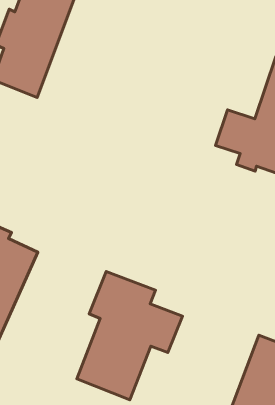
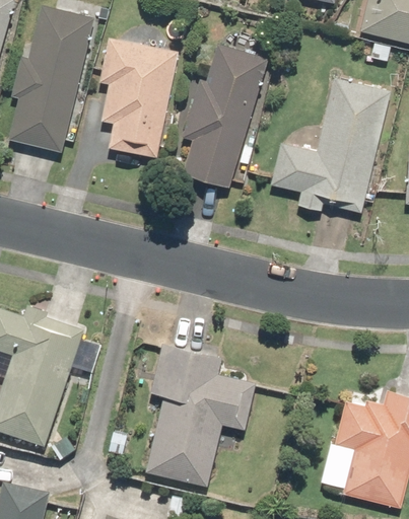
building: none -> [98,40,178,158]
building: none -> [179,46,267,194]

